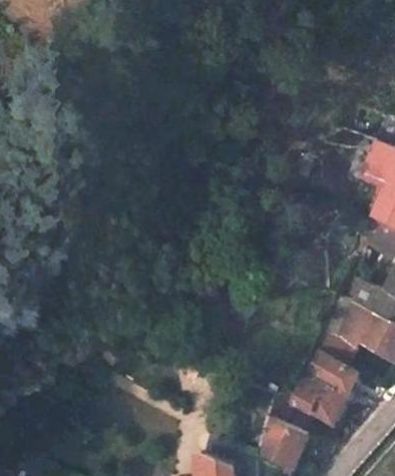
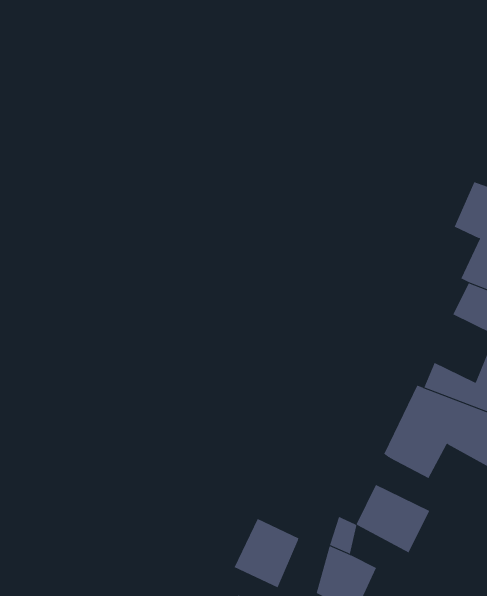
building: [308,353,358,393] -> none
building: none -> [234,518,299,588]

